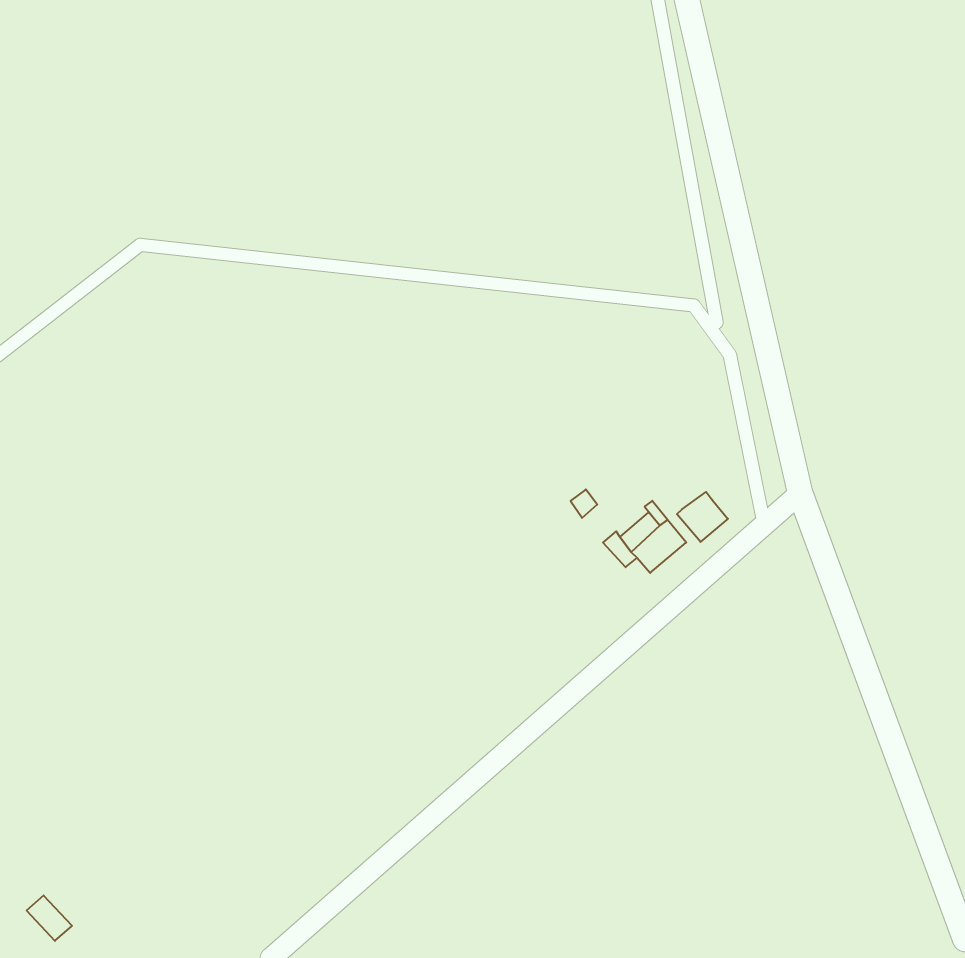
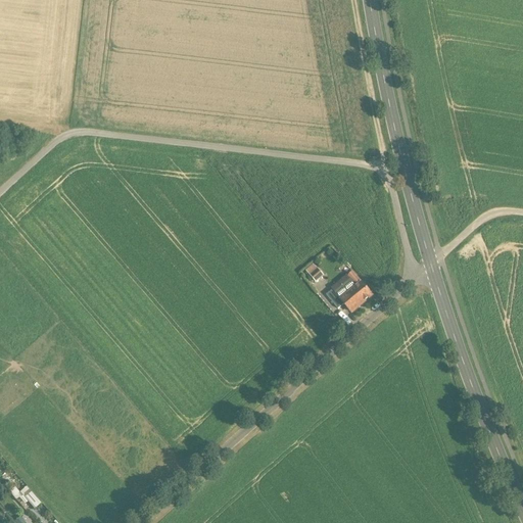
building: [677,492,728,542] -> none

